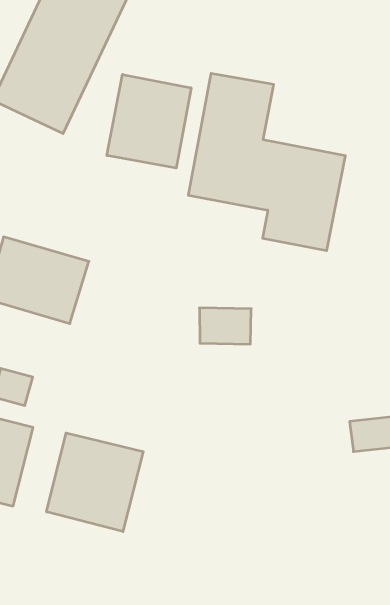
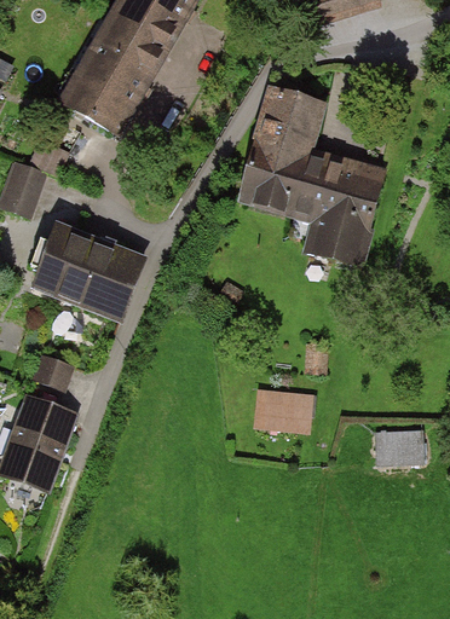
building: [107,74,191,168] -> none
building: [199,308,251,344] -> [254,389,306,428]
building: [47,433,143,532] -> none

